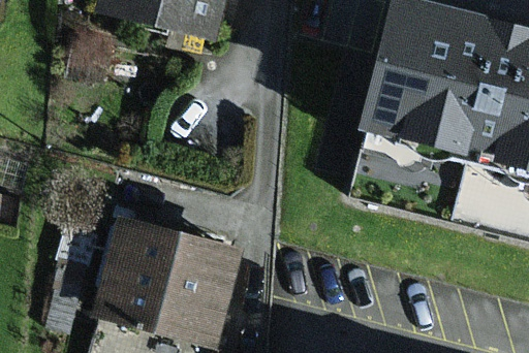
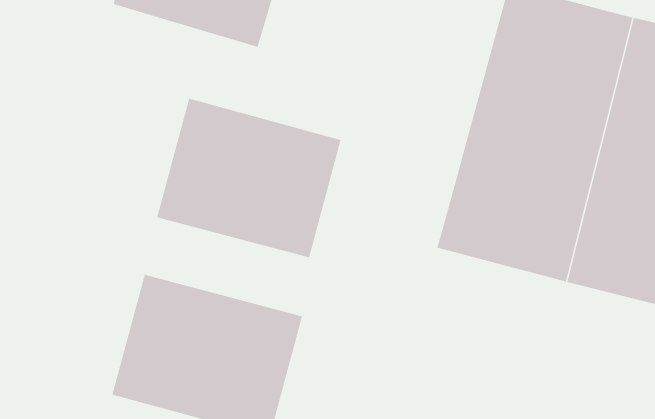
building: none -> [157,98,341,258]

